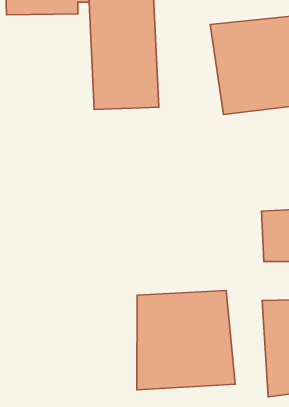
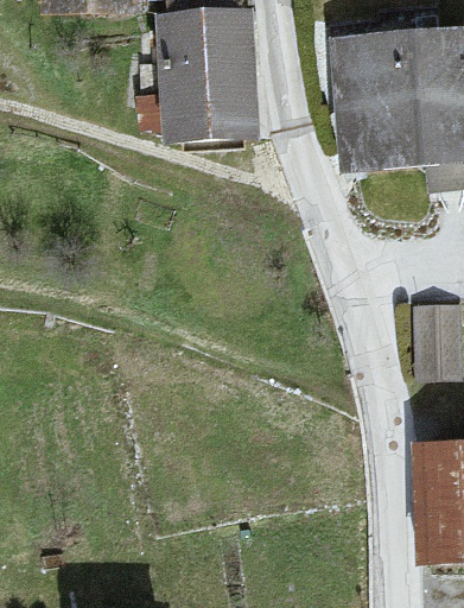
building: [137,290,235,390] -> none

